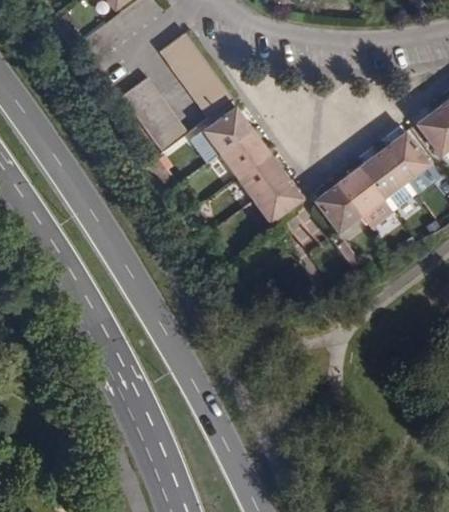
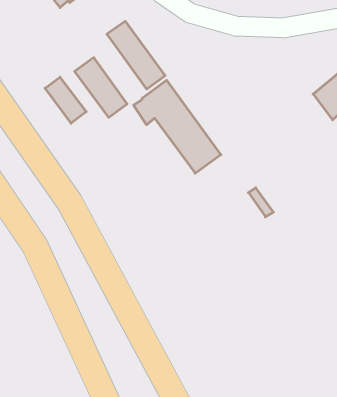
building: none -> [45,77,86,123]
building: [314,132,431,234] -> none

